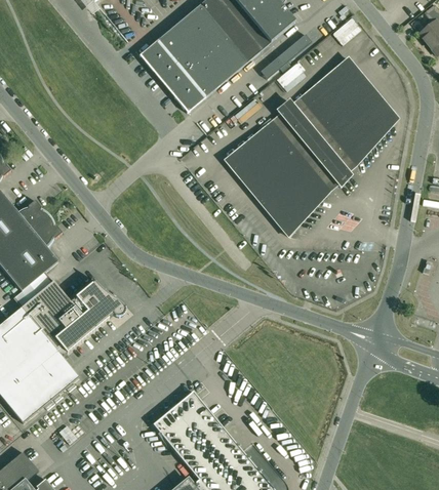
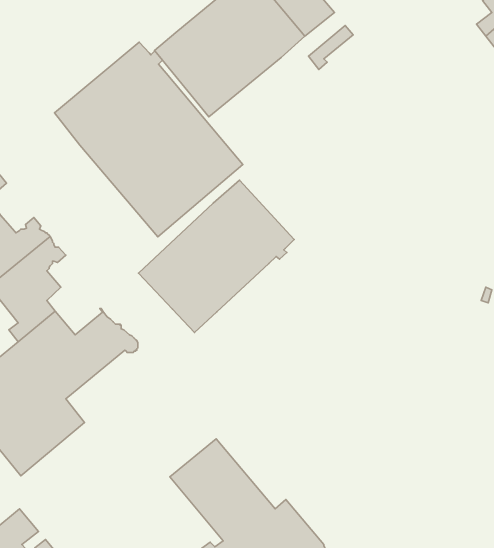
building: none -> [55,42,243,237]
building: [224,57,397,236] -> none
building: none -> [139,180,294,333]

